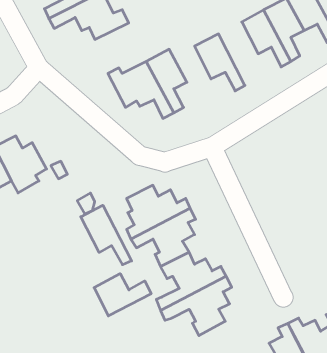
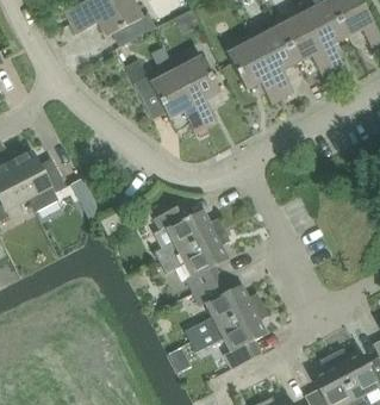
building: none -> [254,25,297,94]
building: [81,205,132,265] -> none
building: [94,274,151,316] -> none

